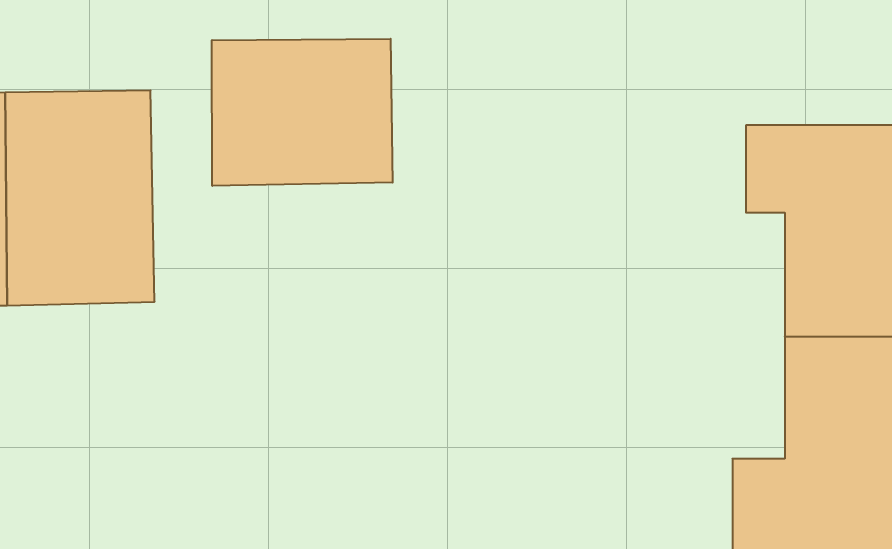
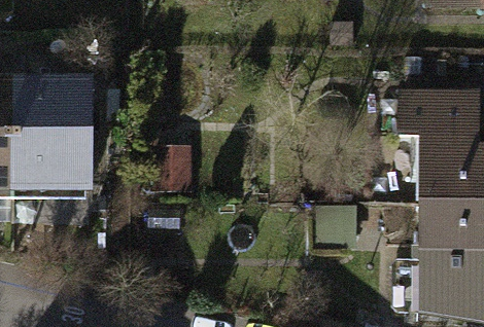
building: [212,39,393,186] -> none

